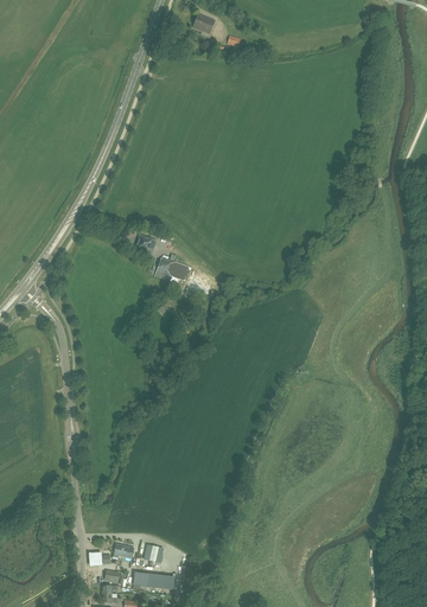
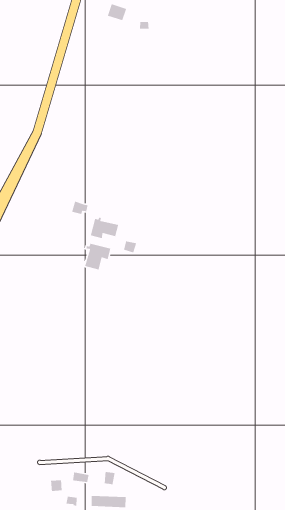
building: none -> [84,243,111,270]

